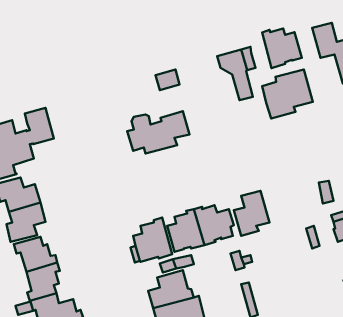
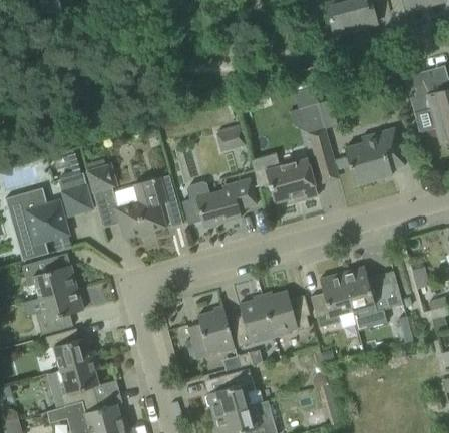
building: [262,28,302,68] -> none
building: none -> [251,152,318,202]
building: none -> [85,162,167,239]
building: none -> [342,266,403,318]

